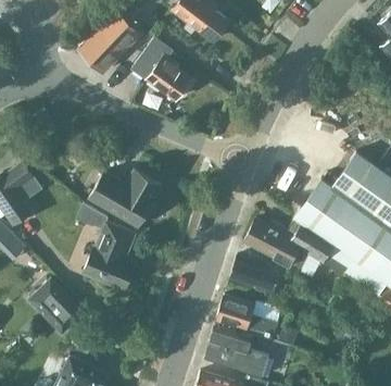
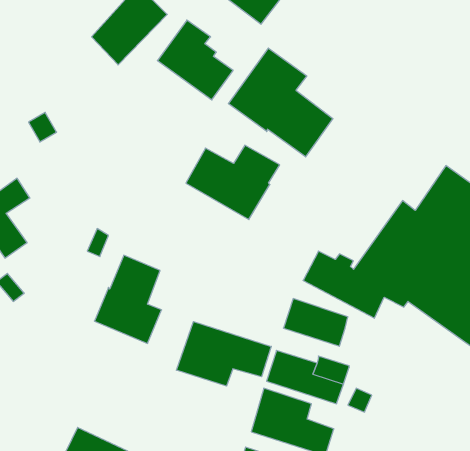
building: none -> [228,48,333,157]
building: [89,170,162,227] -> [186,145,280,220]
building: none -> [176,322,271,386]
building: [29,278,85,334] -> none

